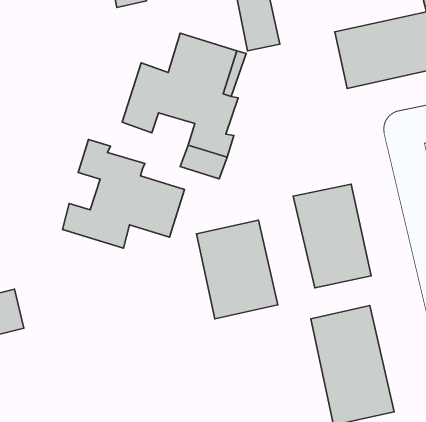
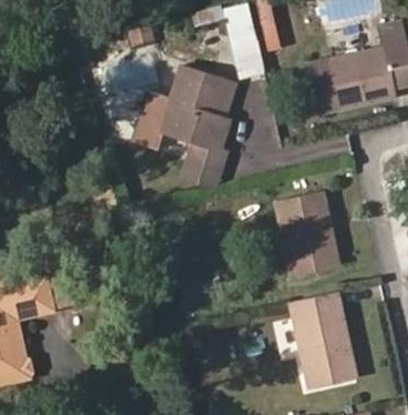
building: [63,139,185,248] -> none
building: [197,220,278,319] -> none

